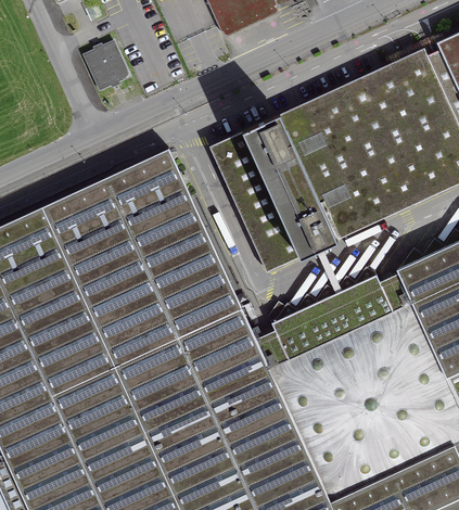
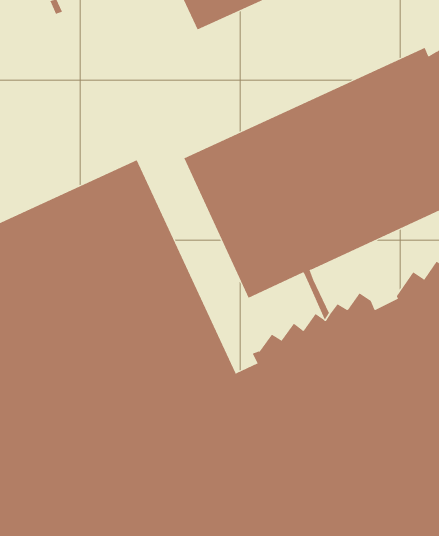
building: [84,42,130,91] -> none

